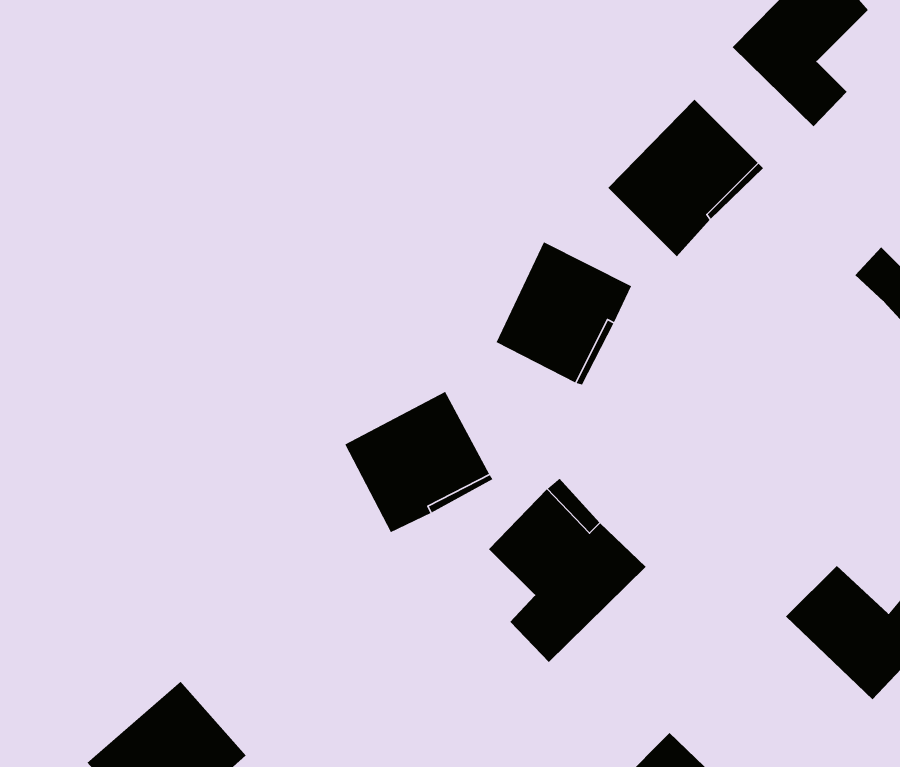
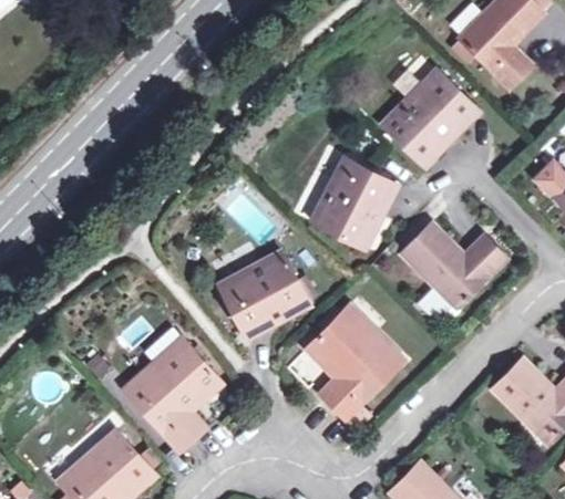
building: none -> [401,222,505,306]
building: none -> [123,329,220,451]

